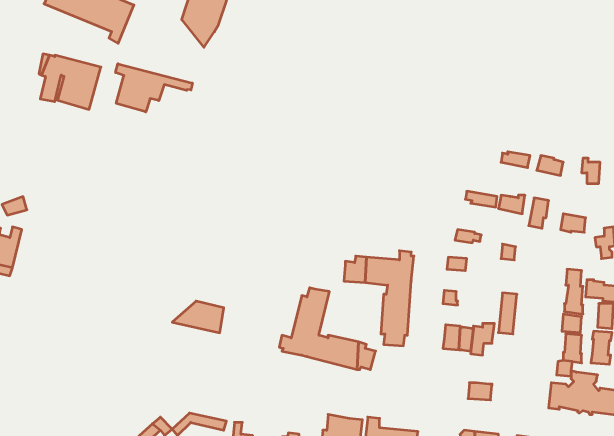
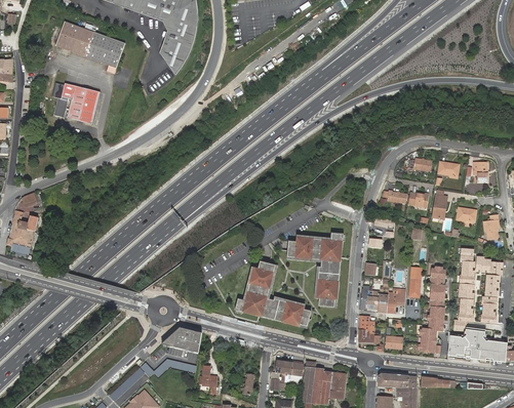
building: [116,64,192,112] -> none
building: none -> [420,269,445,352]
building: [172,301,224,333] -> [160,327,200,352]
building: none -> [357,316,373,341]

